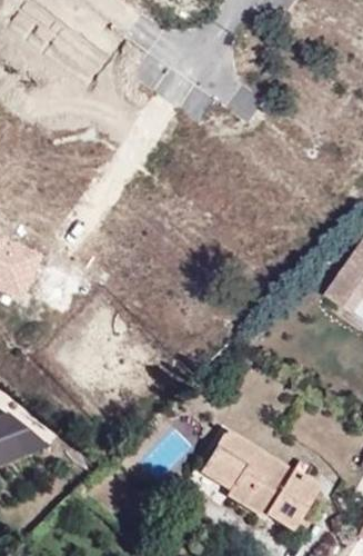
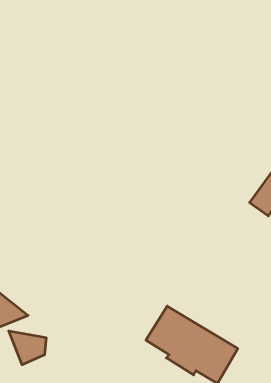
building: none -> [9,331,46,365]

